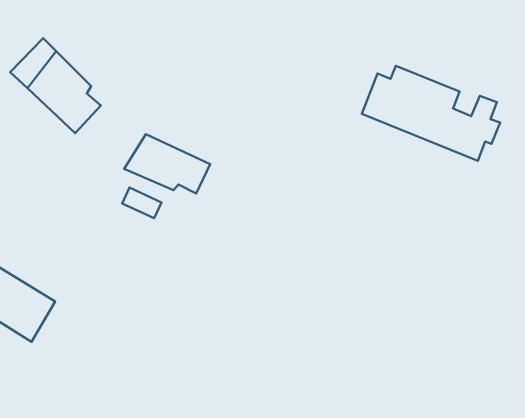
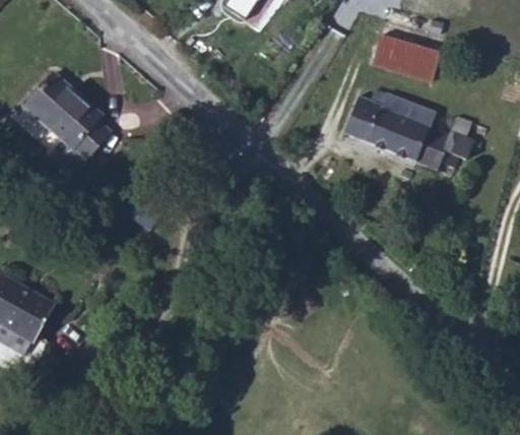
building: none -> [375,34,443,79]
building: [124,134,210,194] -> none

